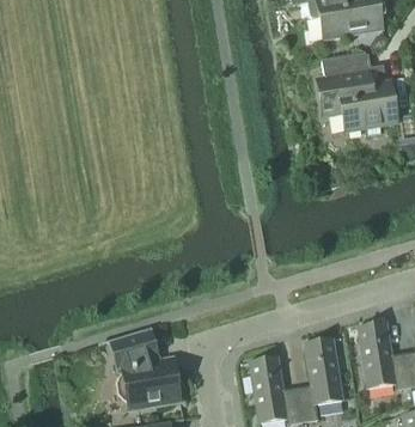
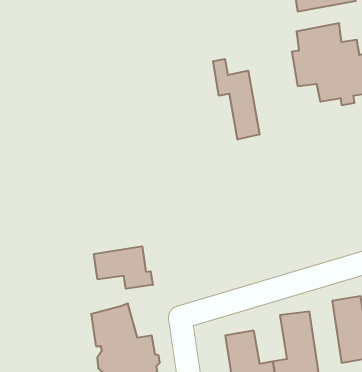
building: none -> [213,59,260,140]
building: none -> [94,246,153,289]

